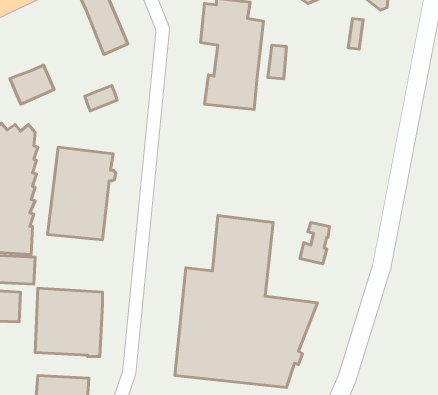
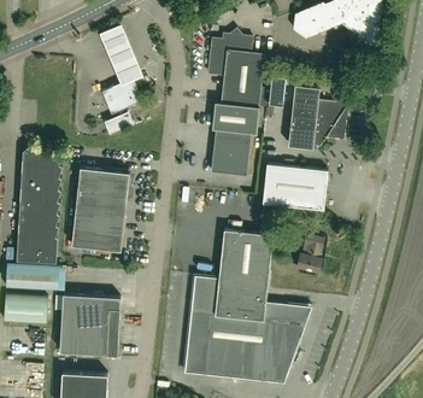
building: none -> [288,86,347,148]
building: [10,65,54,104] -> [101,80,141,115]
building: none -> [210,136,249,176]
building: none -> [262,164,327,210]

